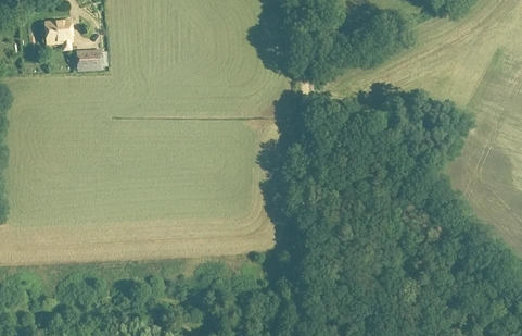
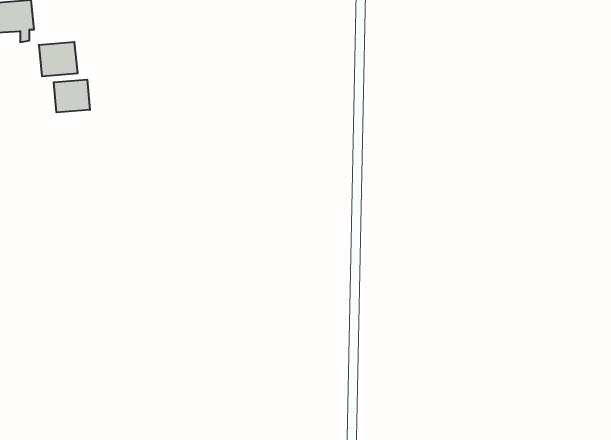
building: none -> [54,80,90,112]

